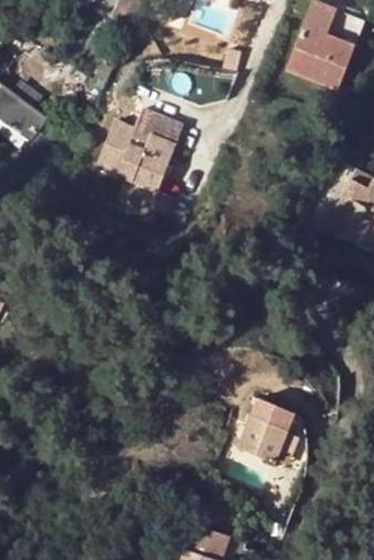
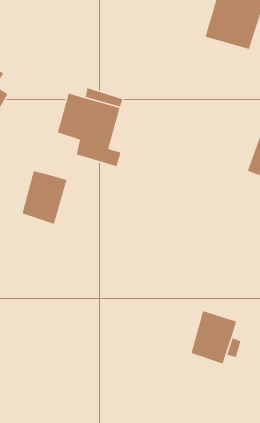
building: none -> [21,170,67,225]

